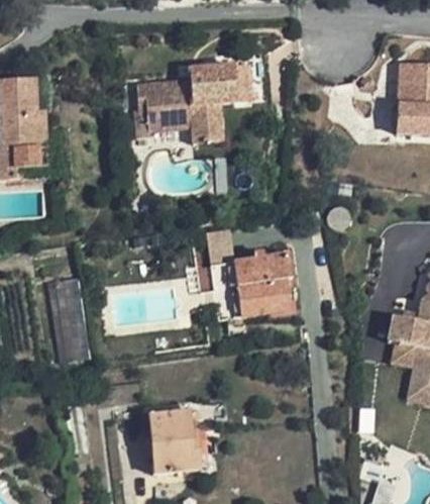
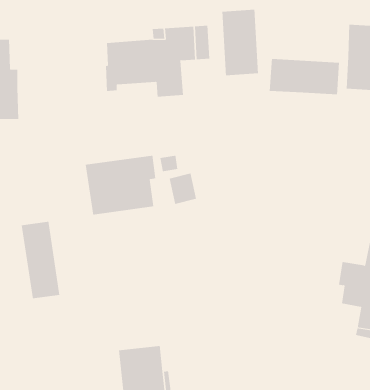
building: none -> [222,9,259,76]
building: none -> [269,58,340,95]
building: [216,251,293,316] -> [85,155,156,215]

